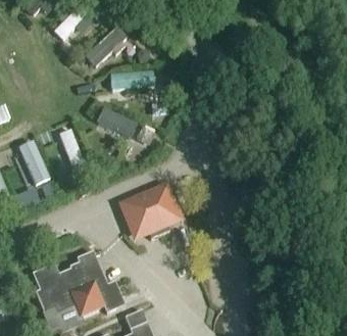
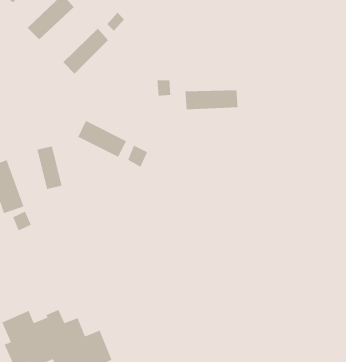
building: [108,71,153,89] -> [184,89,238,110]
building: [125,191,174,240] -> none

